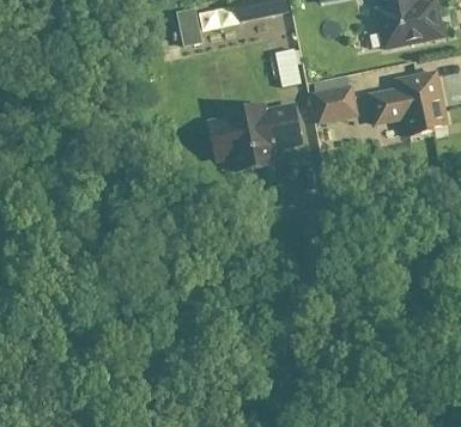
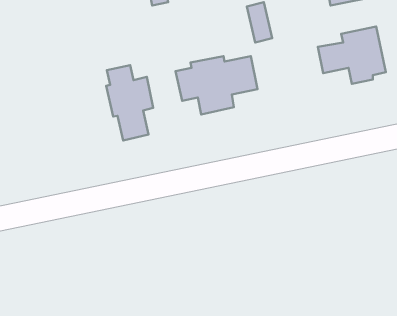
building: [314,85,357,121] -> none
building: none -> [106,65,153,141]

